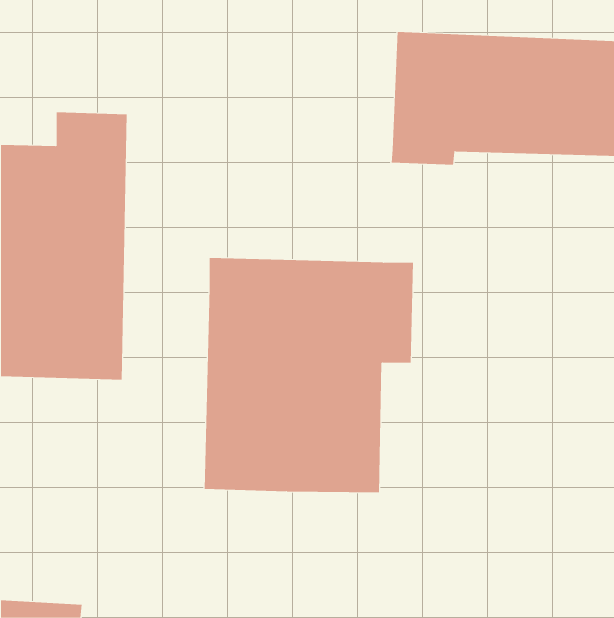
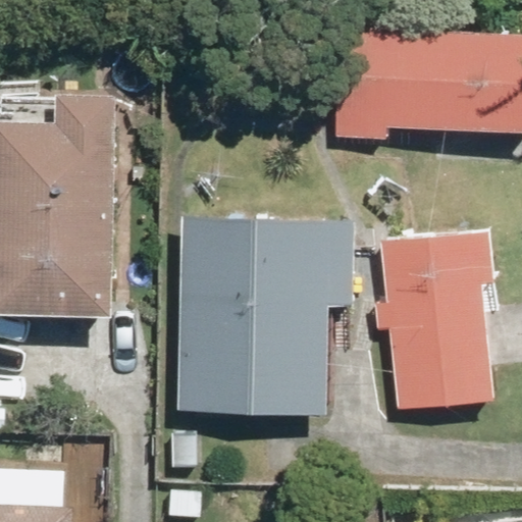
building: none -> [377,230,493,409]

